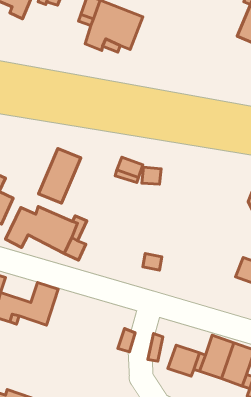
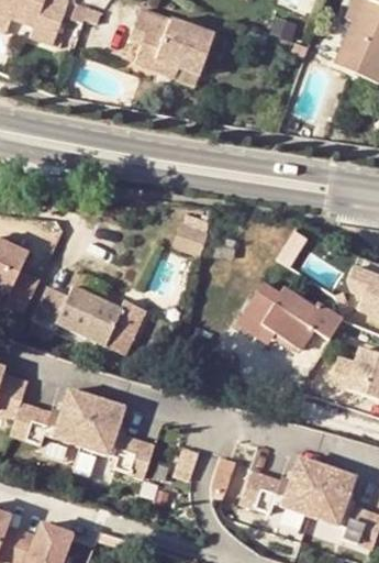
building: [38,148,81,203] -> none
building: none -> [236,283,345,351]
building: none -> [83,396,148,472]

